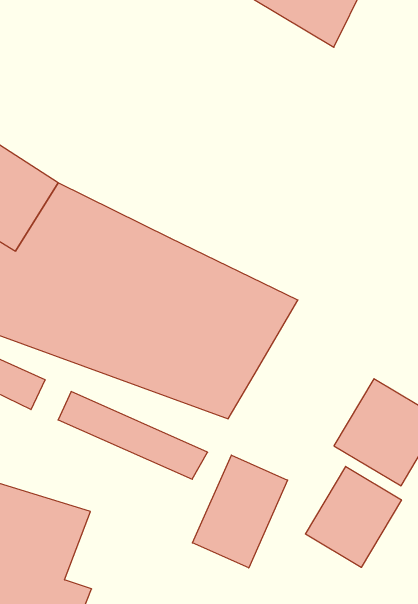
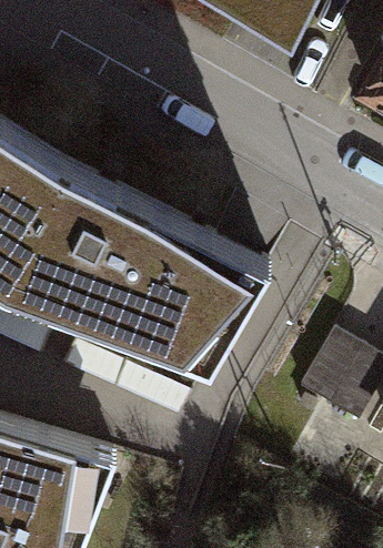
building: [192,455,288,568] -> none
building: [305,466,401,567] -> none

